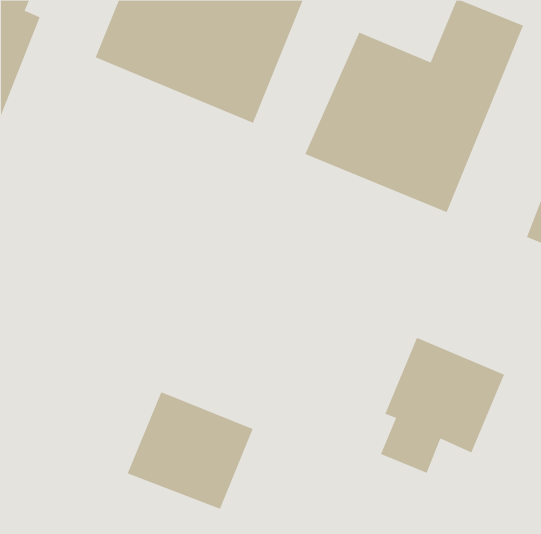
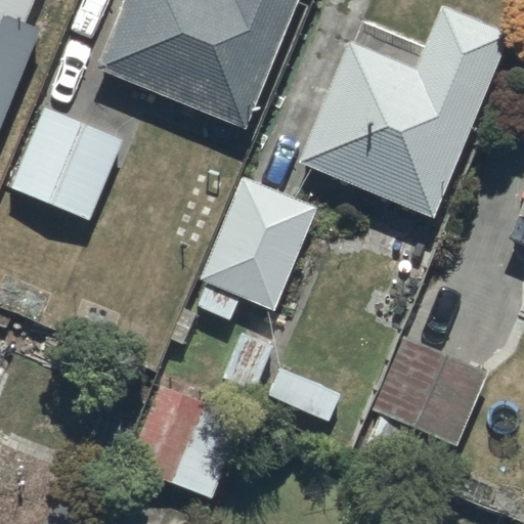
building: none -> [11,105,124,223]
building: none -> [198,176,317,321]

